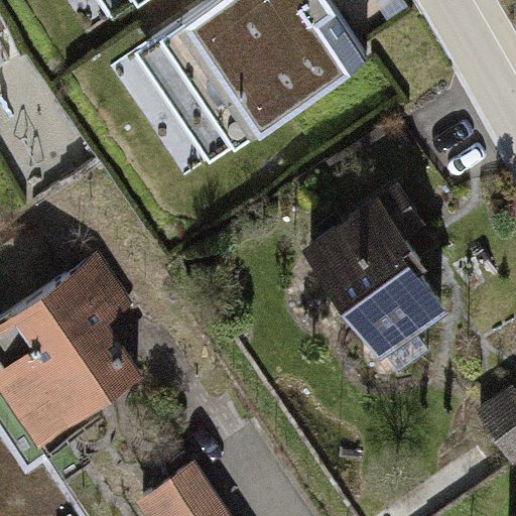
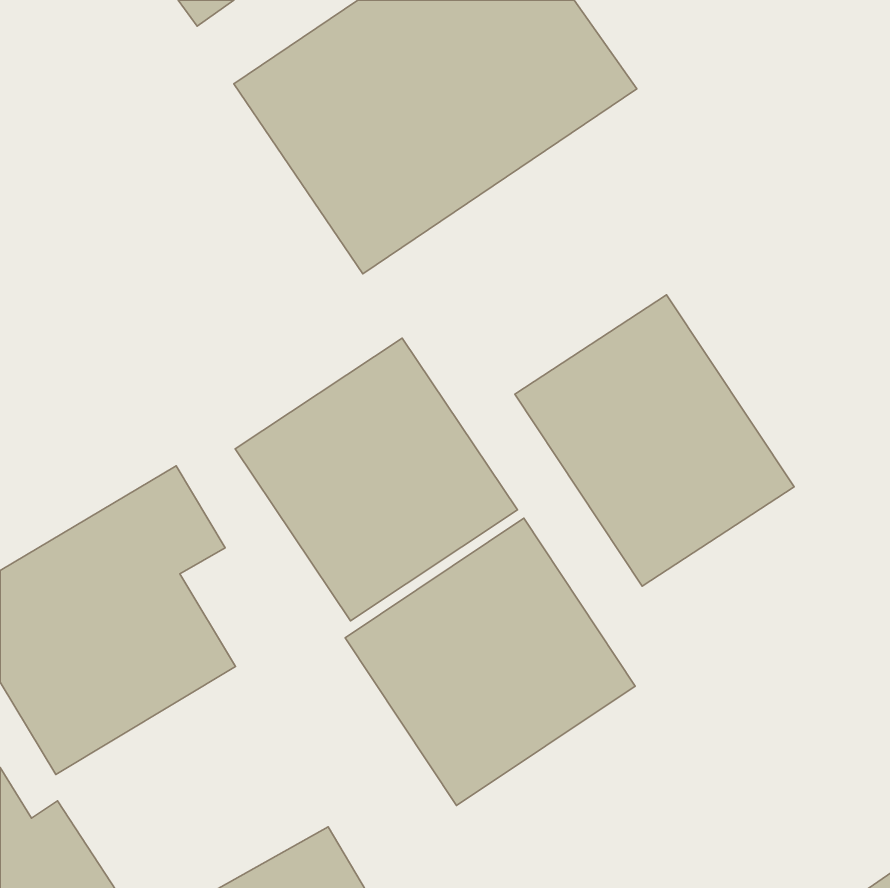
building: none -> [235,338,517,621]
building: none -> [345,518,635,806]

